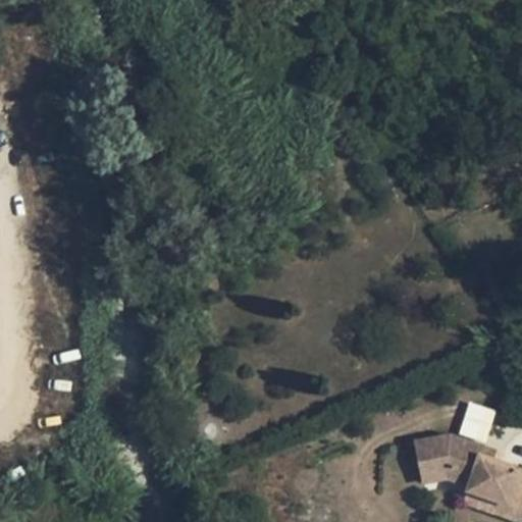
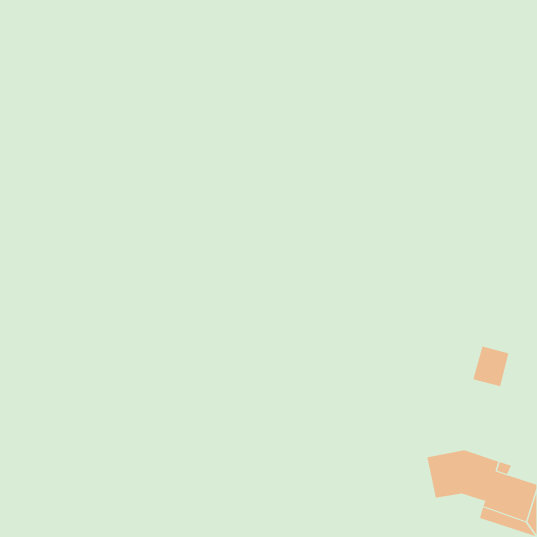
building: [459,402,494,441] -> [472,346,509,387]

